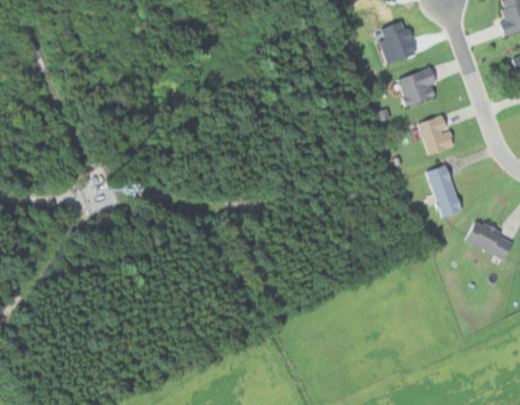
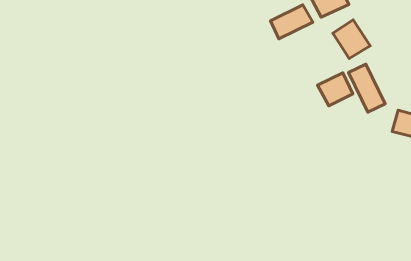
building: none -> [271,5,313,39]
building: none -> [318,73,353,106]

